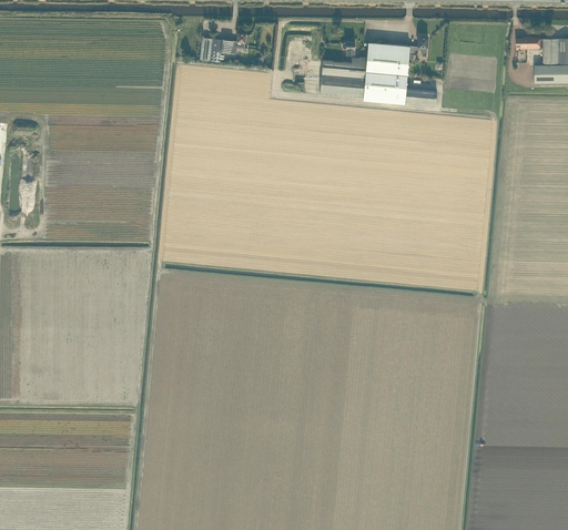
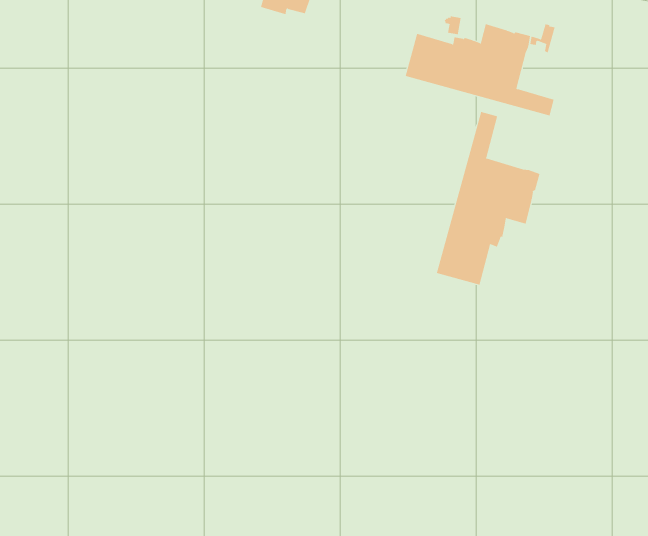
building: none -> [436,111,540,285]

